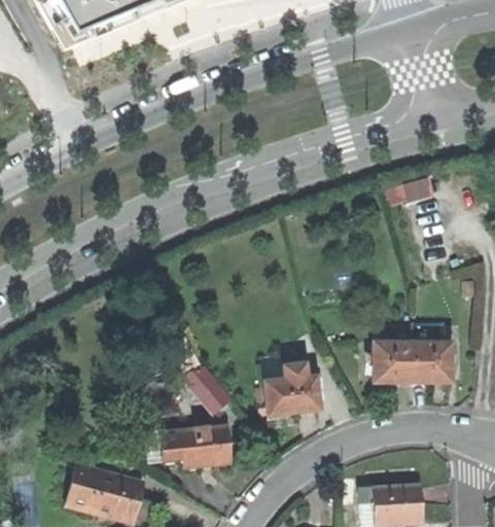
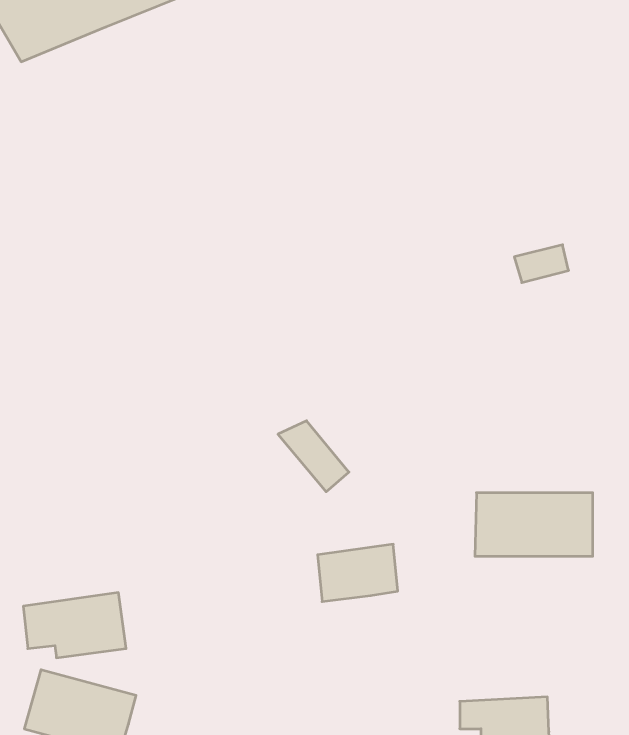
building: [185,362,234,411] -> [278,421,349,492]
building: [161,424,231,468] -> [23,593,126,658]

